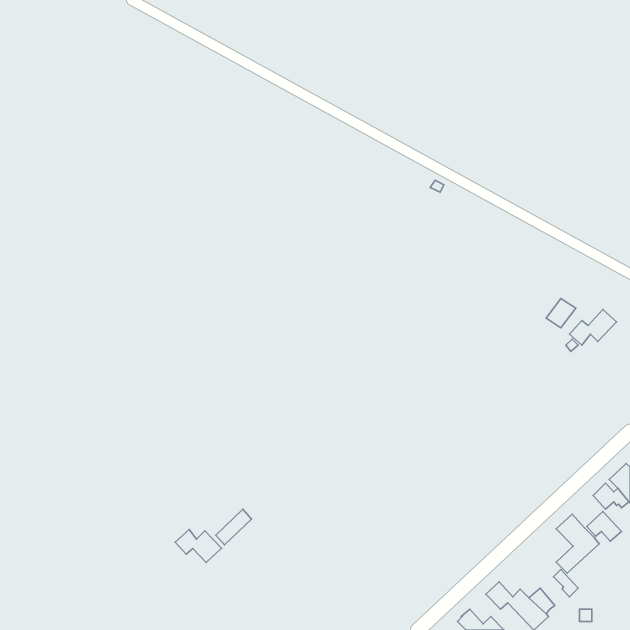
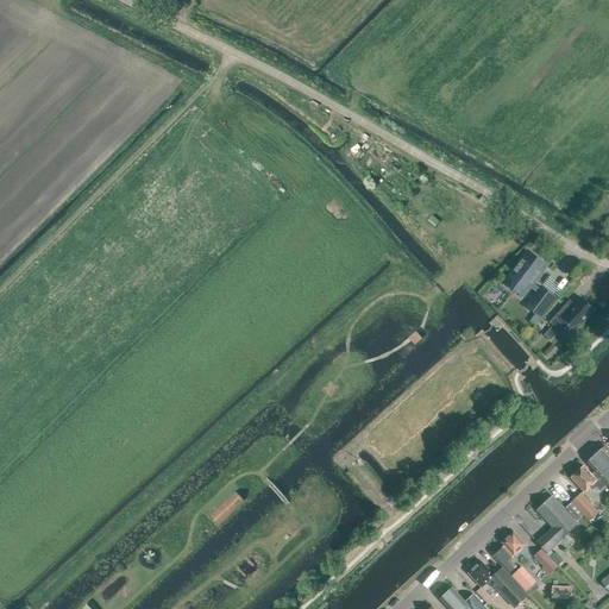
building: none -> [508,252,546,290]
building: [175,529,221,562] -> none
building: none -> [495,532,526,573]

